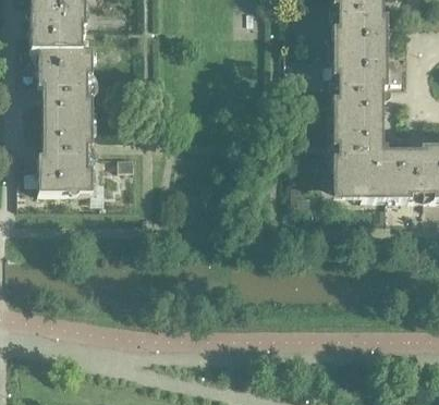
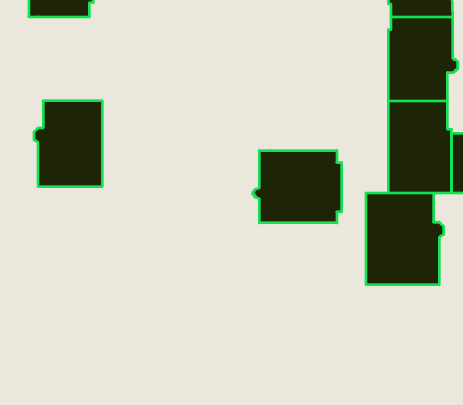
building: [35,47,93,119] -> none
building: none -> [253,150,342,223]
building: none -> [366,193,444,285]

